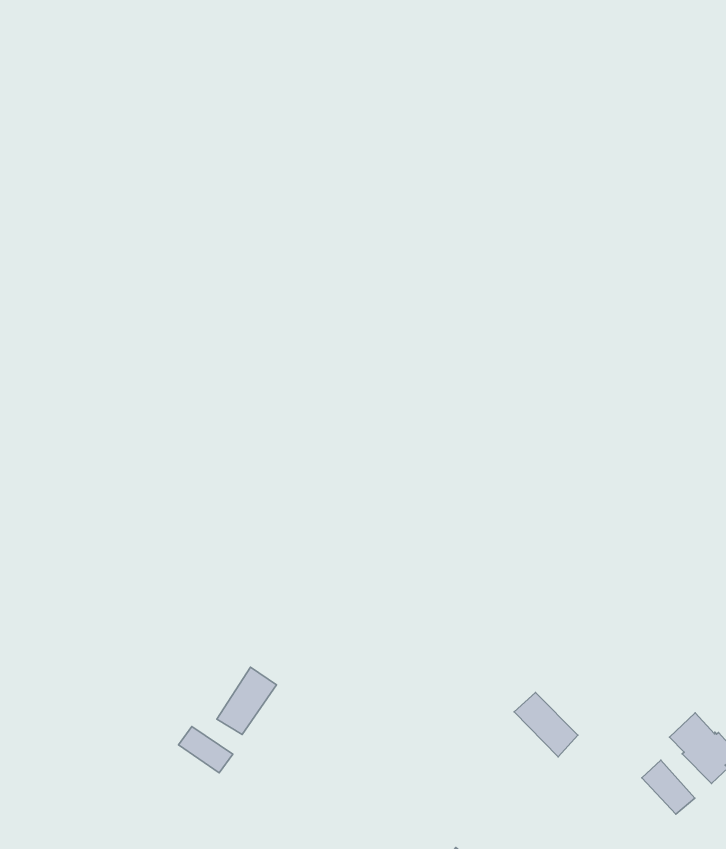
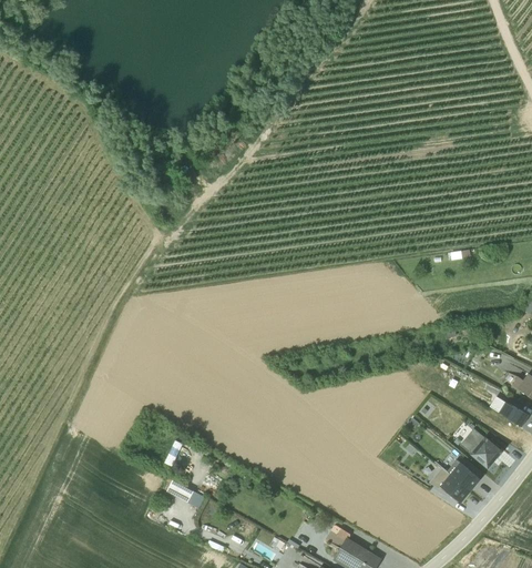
building: [217,667,276,735] -> none
building: [514,692,578,757] -> [431,469,471,506]

